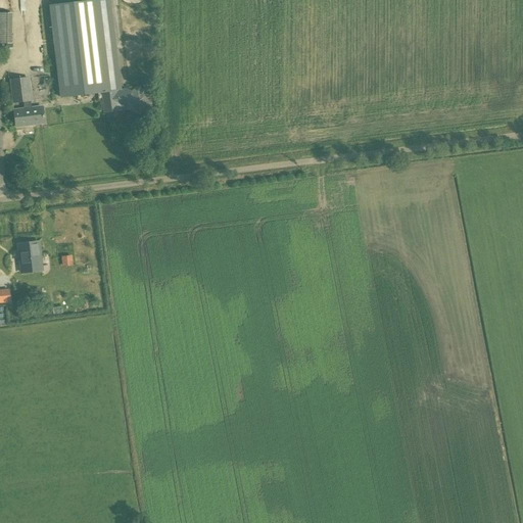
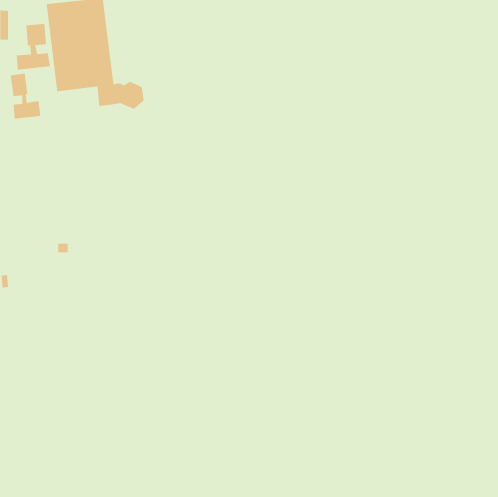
building: none -> [16,23,51,70]
building: [18,242,40,270] -> none

